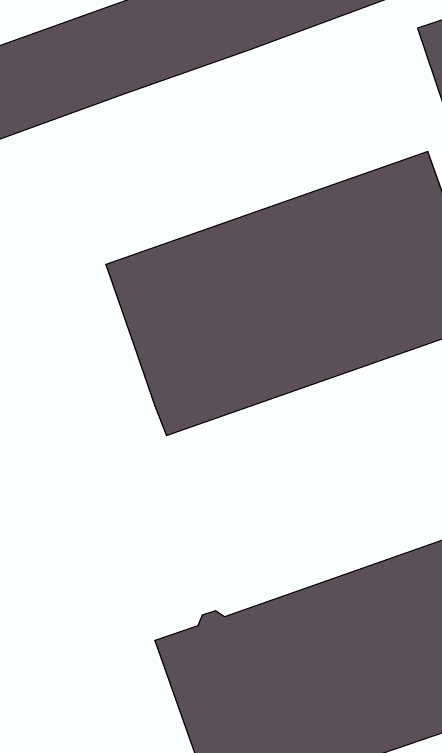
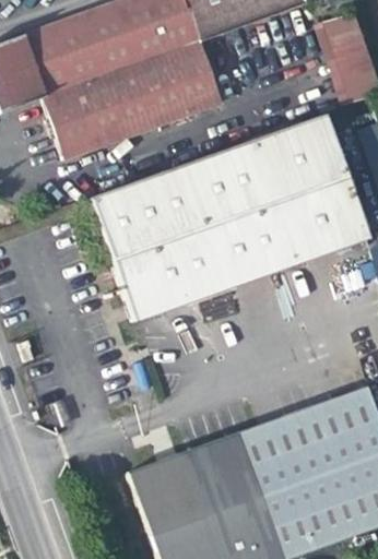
building: none -> [44,38,223,159]

